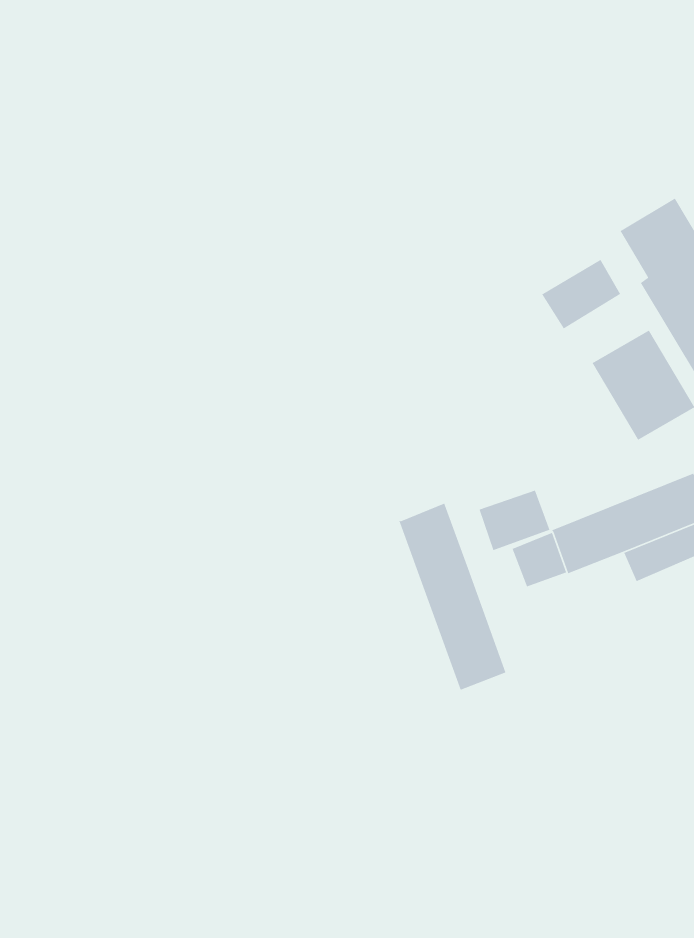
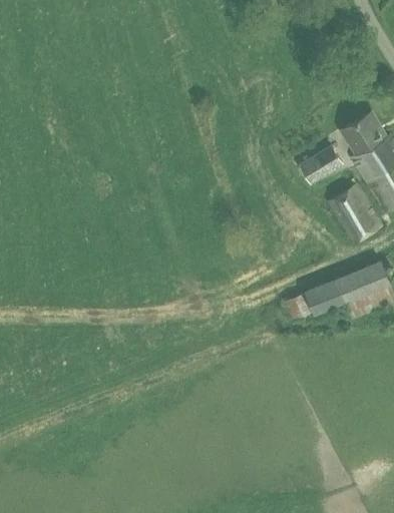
building: [479,490,551,551] -> none
building: [398,502,507,691] -> none

